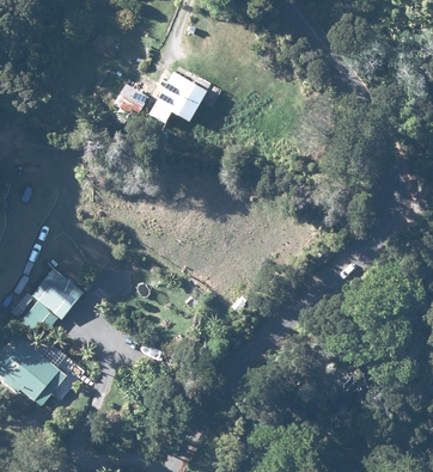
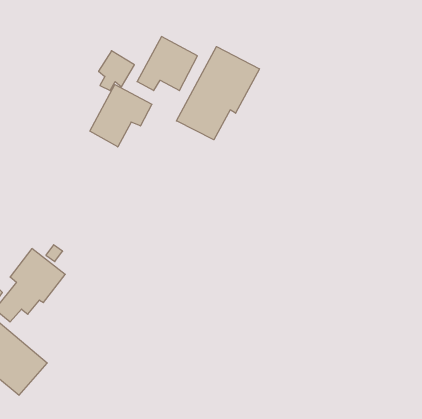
building: none -> [176,47,259,140]
building: none -> [90,85,152,147]

